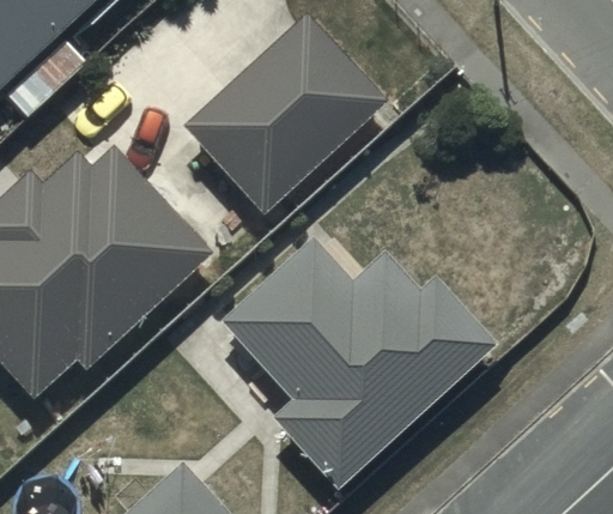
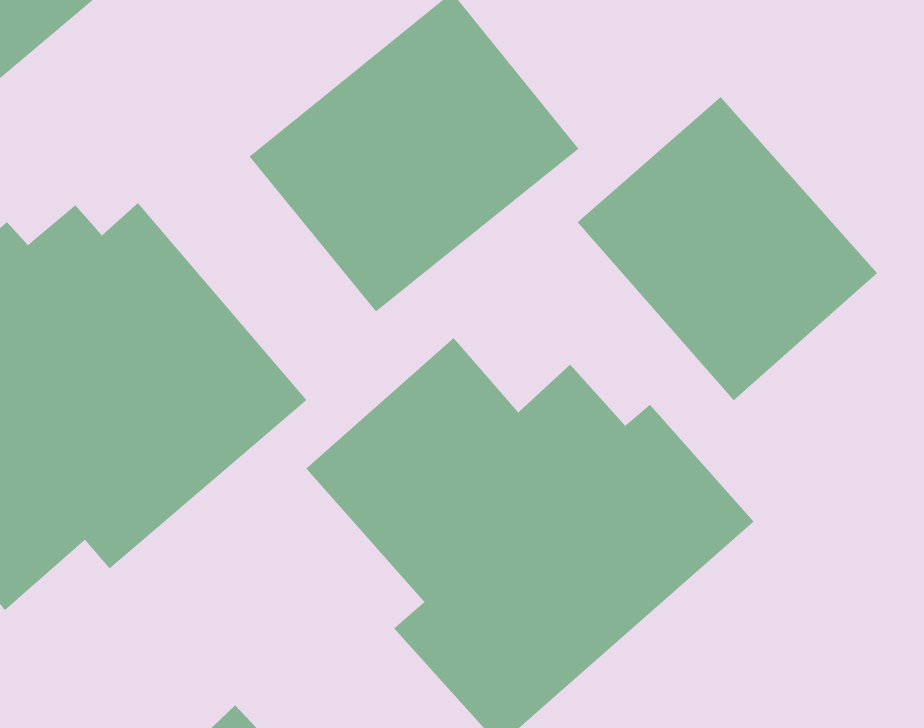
building: none -> [576,96,878,401]

